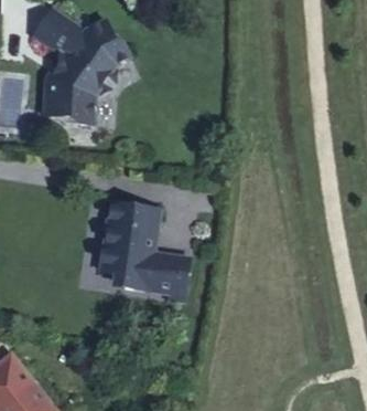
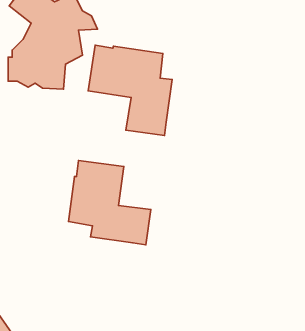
building: none -> [88,45,172,136]

